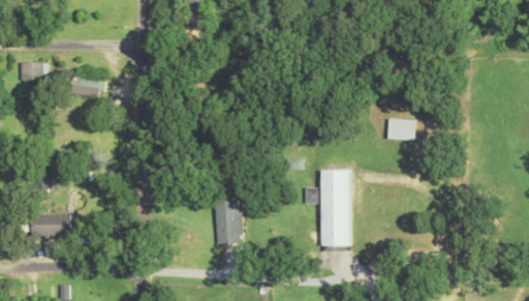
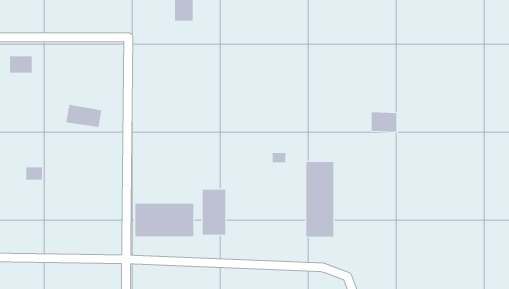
building: [69,74,106,98] -> [66,104,102,128]
building: none -> [135,203,194,237]
building: [31,214,70,236] -> none

